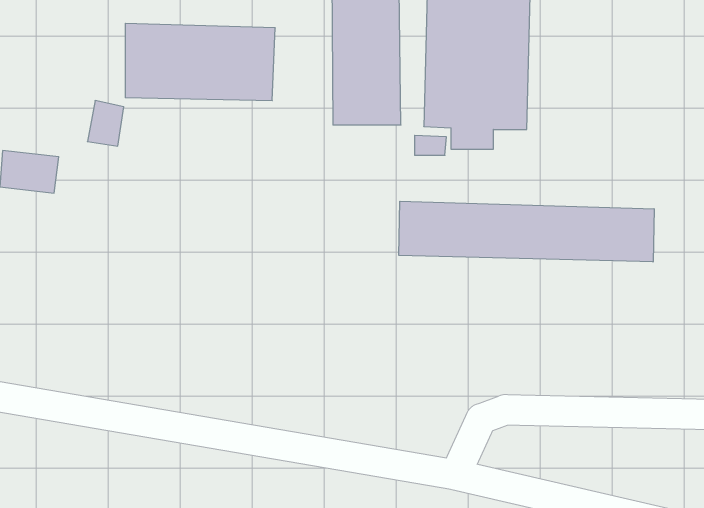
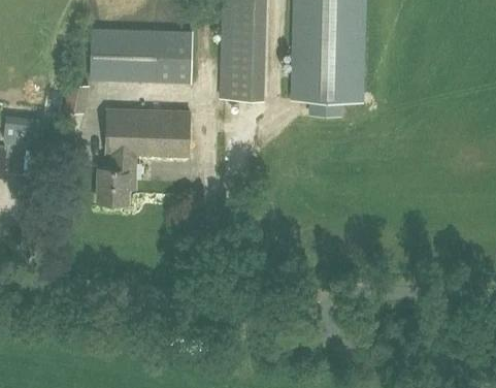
building: none -> [96,109,187,203]
building: [399,201,654,262] -> none

